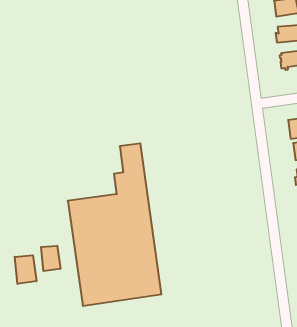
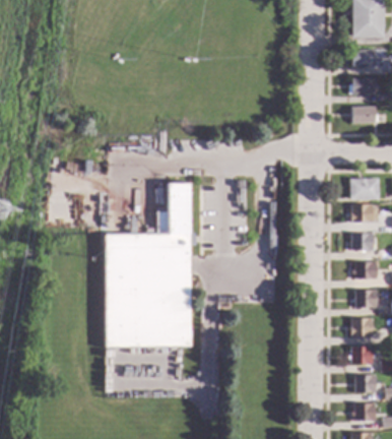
building: [41,246,61,271] -> none
building: [15,255,36,284] -> none

